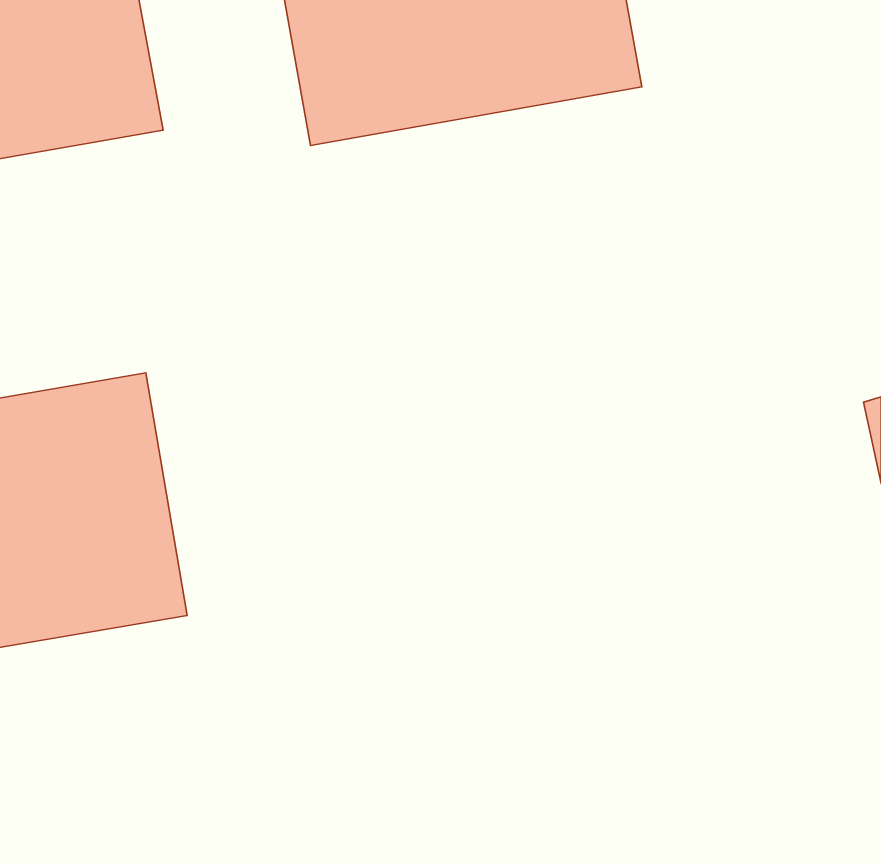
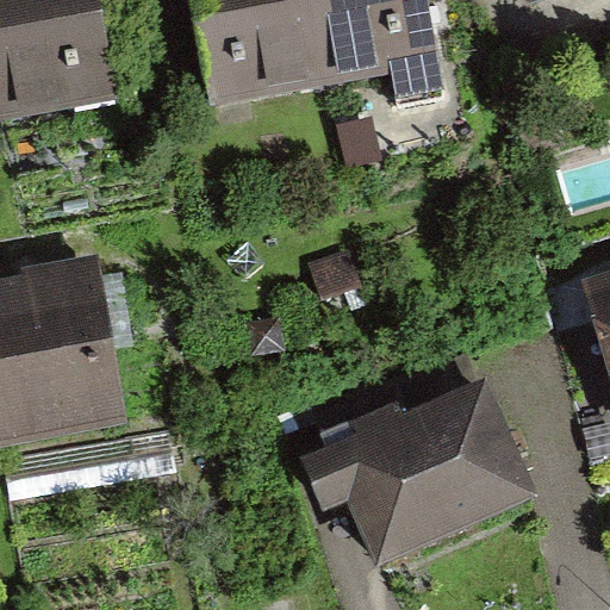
building: none -> [300,379,529,554]

